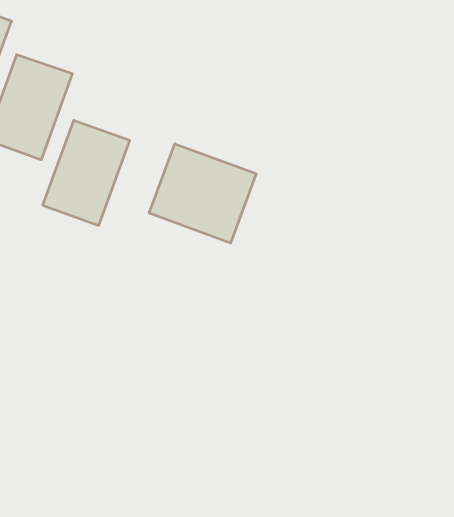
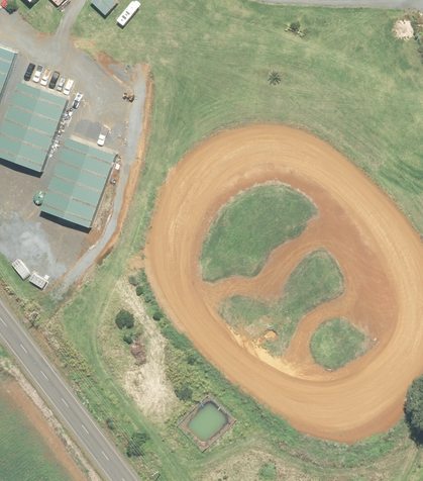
building: [149,144,256,243] -> none

